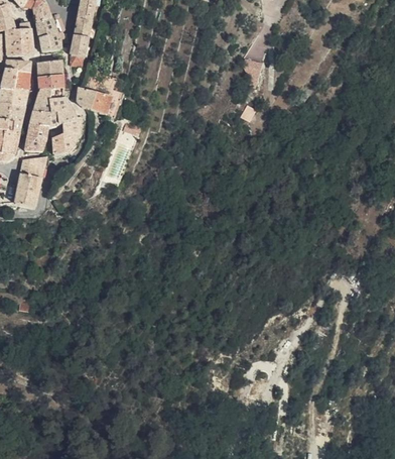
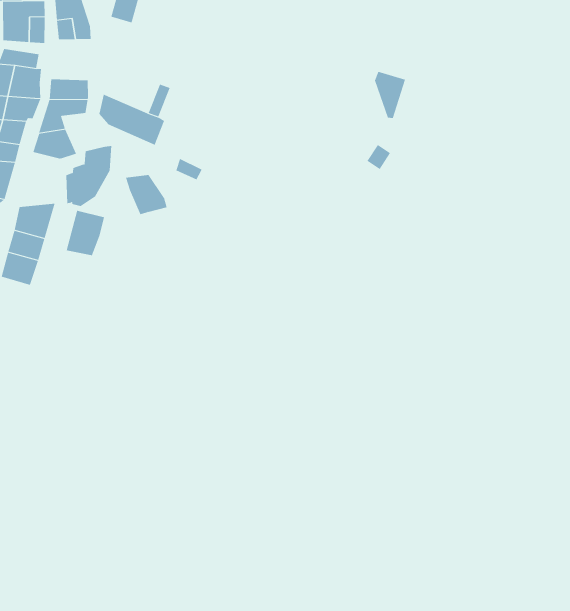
building: [69,34,88,64] -> none
building: [37,61,62,77] -> none
building: [47,97,76,123] -> [125,174,167,215]
building: [25,124,48,152] -> [66,210,105,256]

